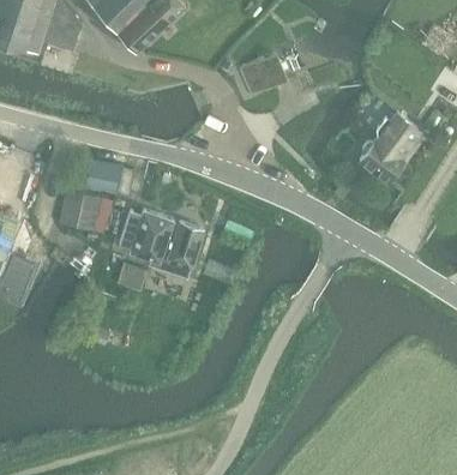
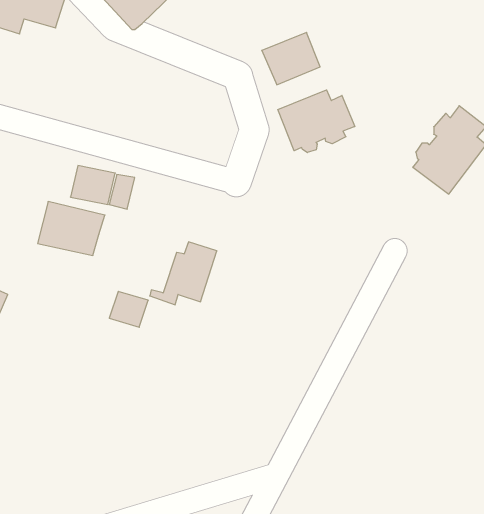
building: none -> [278,90,355,153]
building: [116,210,172,263] -> none

